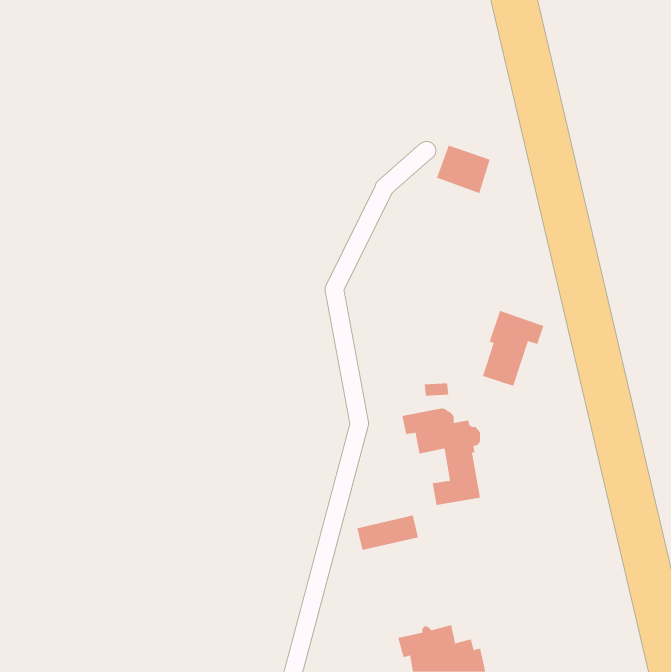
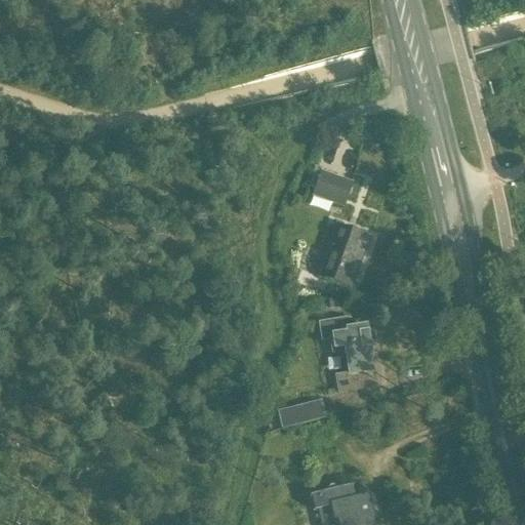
building: [436,145,490,194] -> [315,166,357,204]
building: [482,310,544,387] -> [324,225,372,284]

